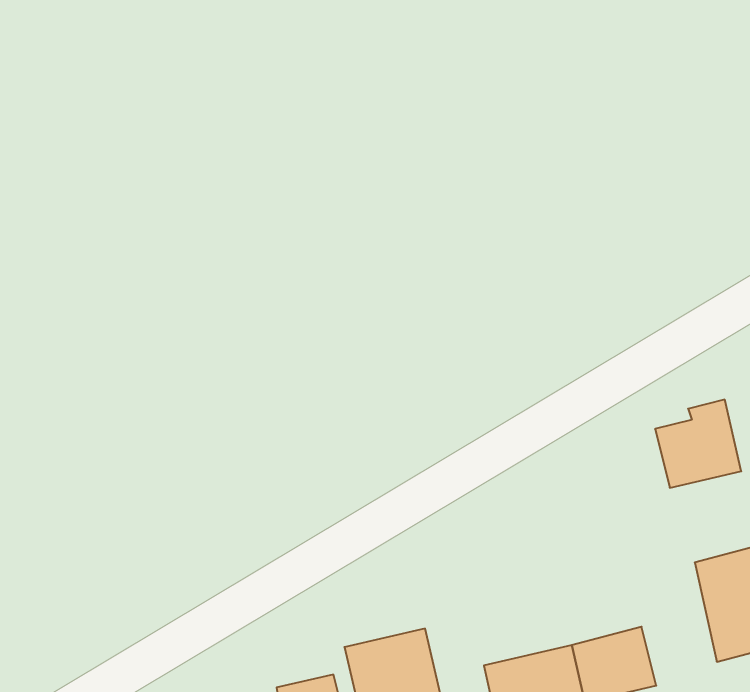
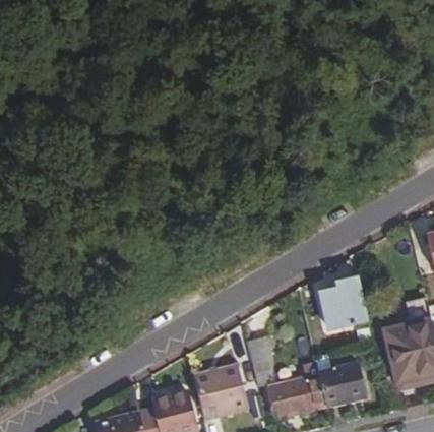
building: [655,400,741,488] -> [320,276,368,325]
building: none -> [246,334,271,380]

